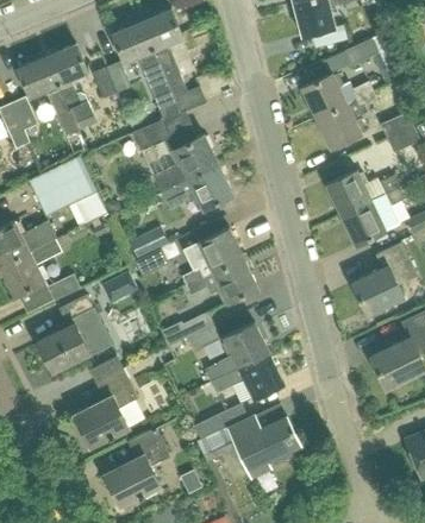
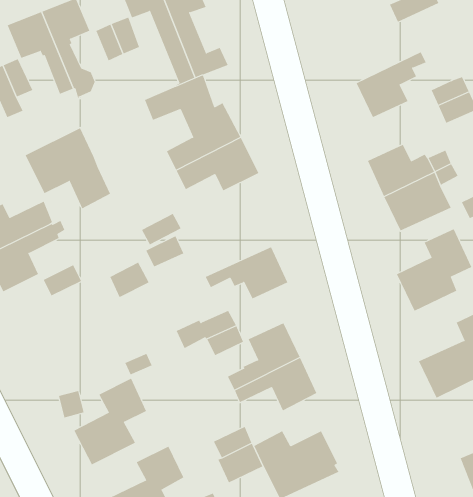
building: [300,71,371,118] -> none
building: [182,228,243,284] -> none
building: [35,295,108,372] -> none

